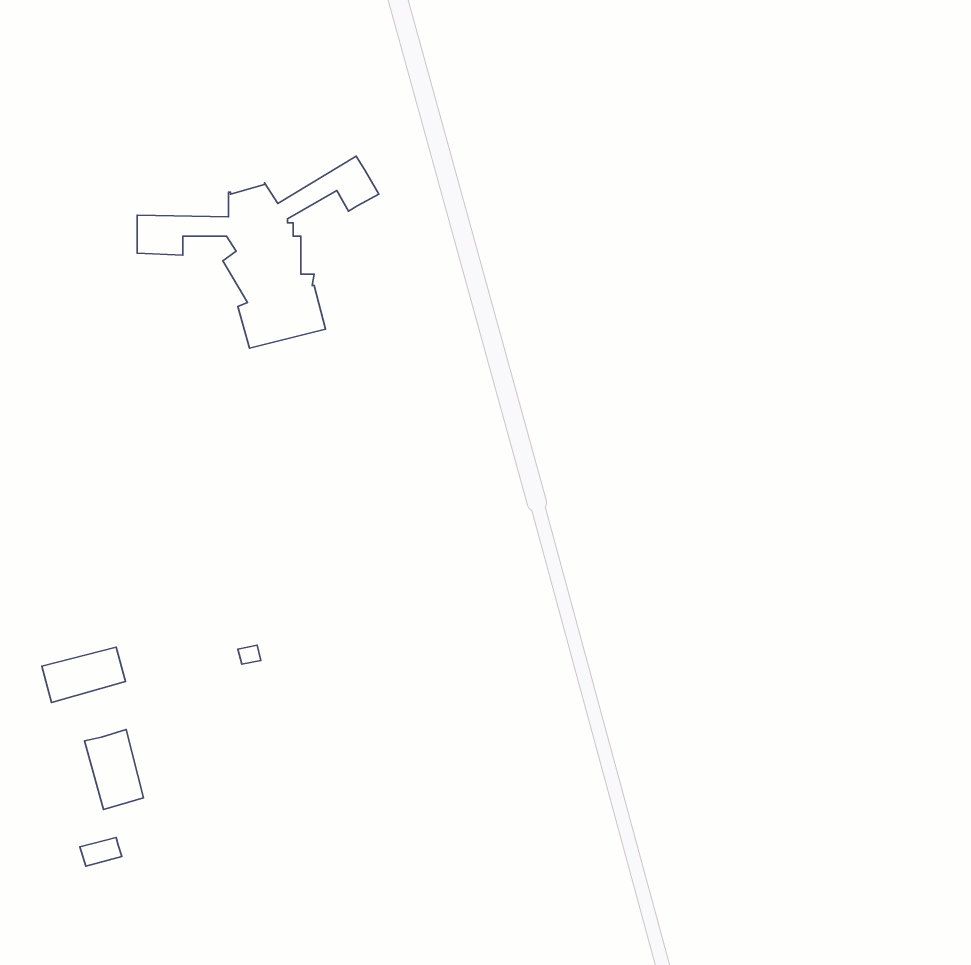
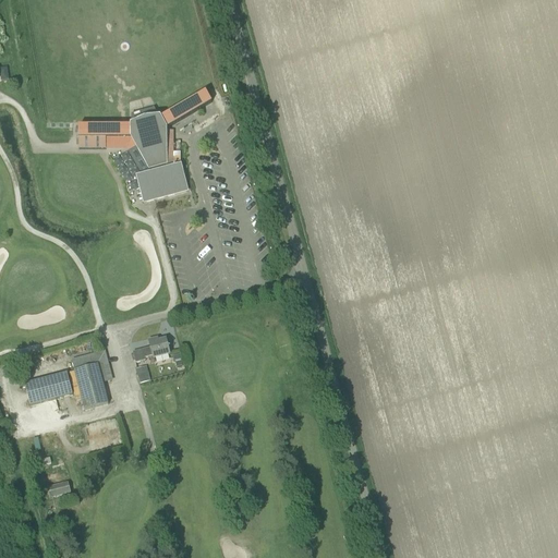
building: none -> [131,336,169,361]
building: [84,729,143,809] -> [73,362,107,408]

